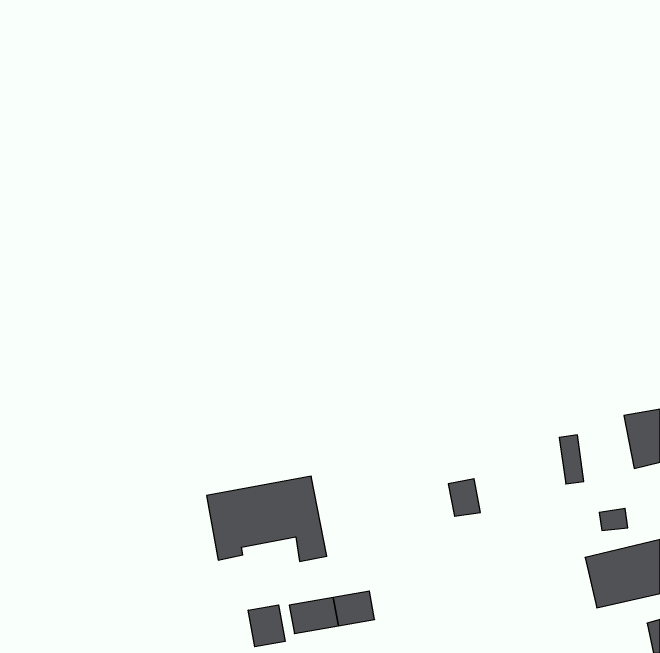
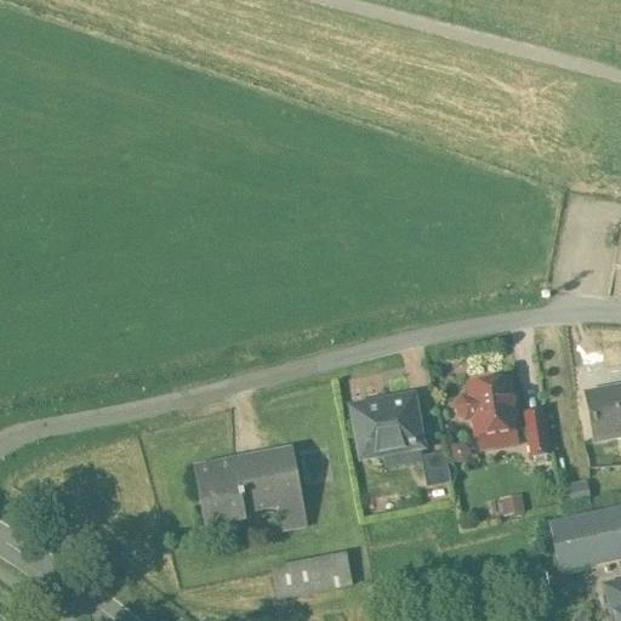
building: none -> [458,380,518,434]
building: none -> [354,397,421,456]
building: [248,605,285,647] -> none

